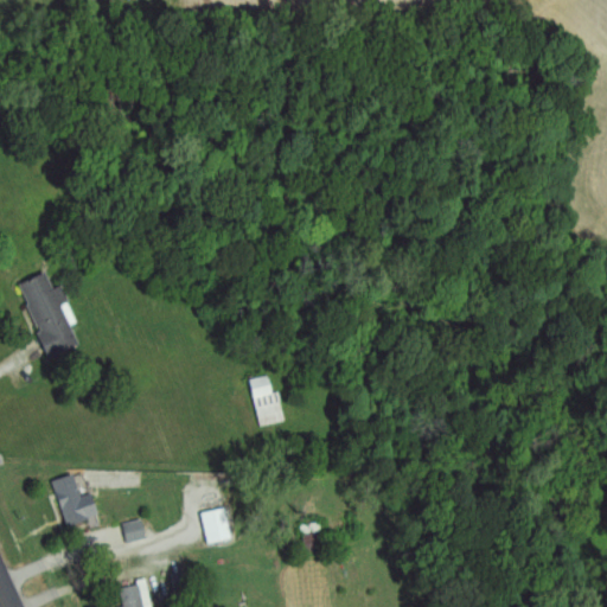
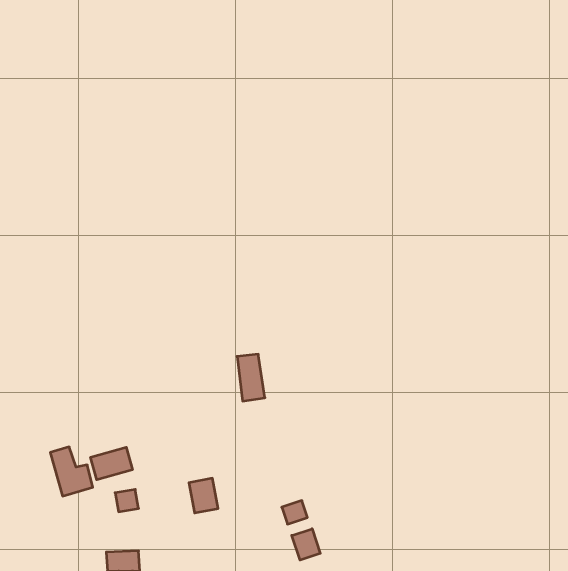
building: [19,271,79,358] -> none
building: none -> [91,447,132,480]
building: none -> [292,529,320,560]

